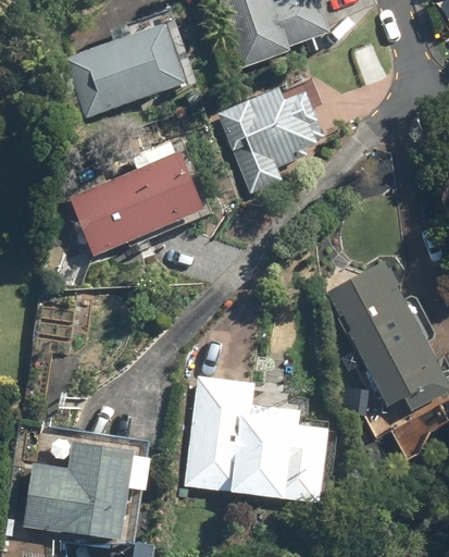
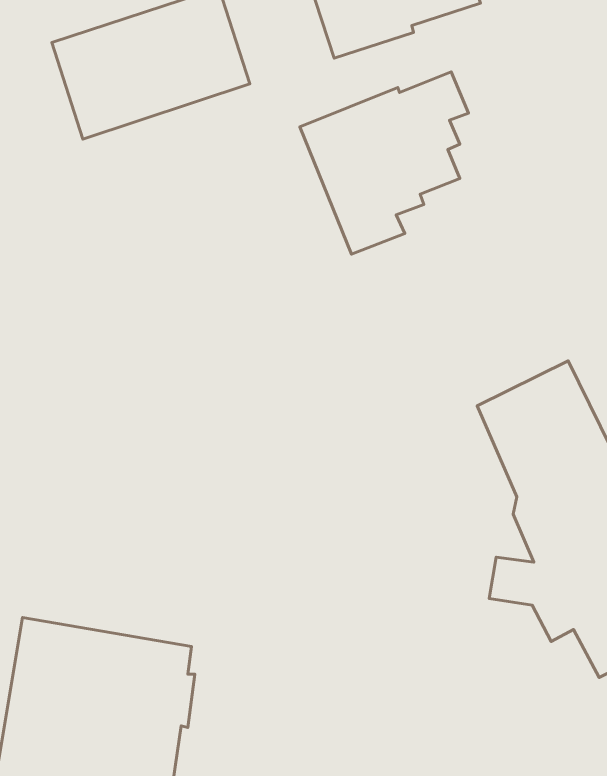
building: [71,144,209,256] -> none
building: [180,374,328,506] -> none

